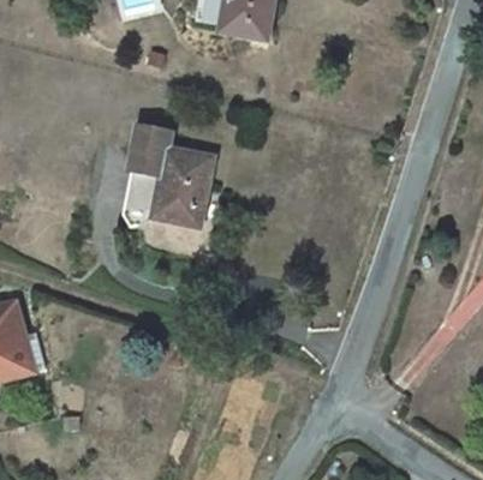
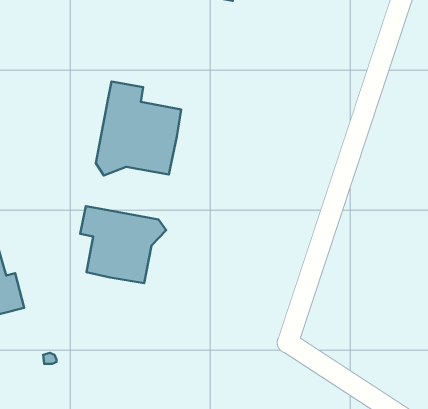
building: none -> [80,206,166,283]

